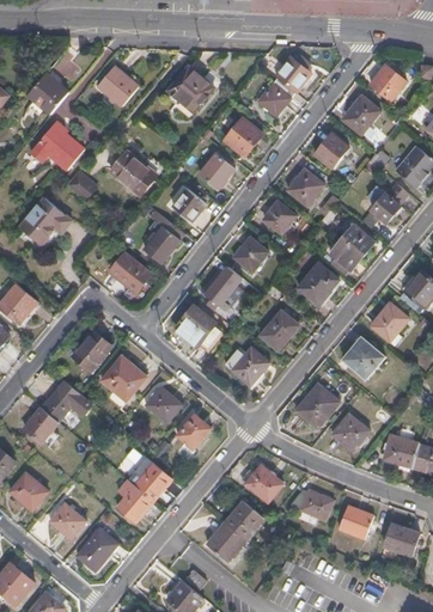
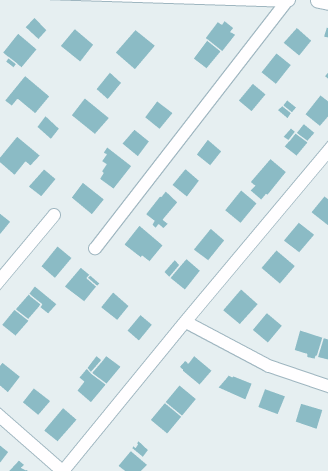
building: none -> [96,72,122,100]
building: [225,120,262,157] -> none
building: [287,169,324,207] -> none
building: none -> [28,168,57,197]

